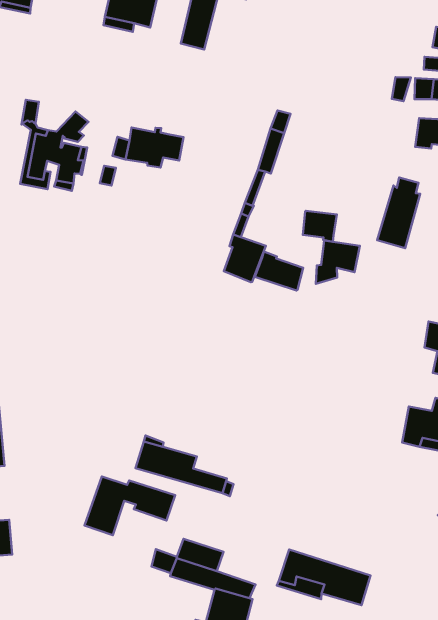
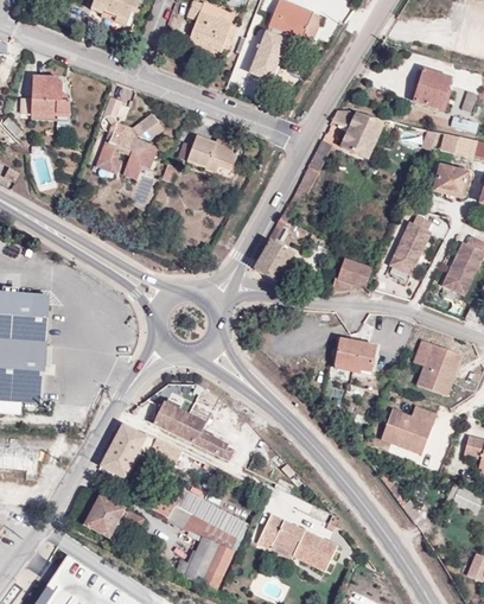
building: none -> [412,69,451,109]
building: none -> [331,109,384,158]
building: [303,211,337,242] -> none
building: [255,251,303,290] -> none
building: none -> [333,338,375,370]
building: none -> [206,506,250,540]
building: none -> [84,496,142,536]

